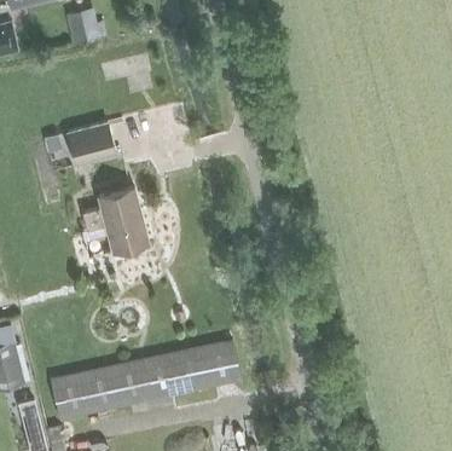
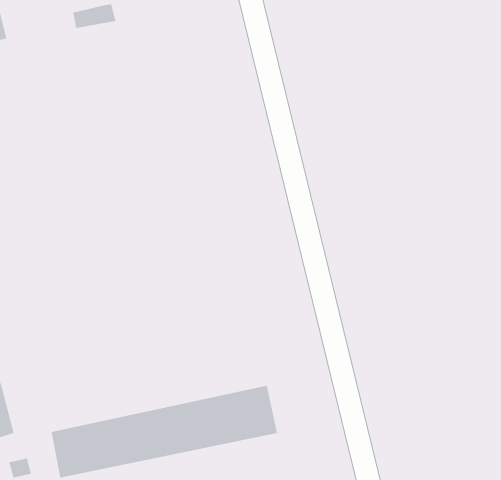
building: [66,121,115,164] -> none
building: [80,187,147,253] -> none

